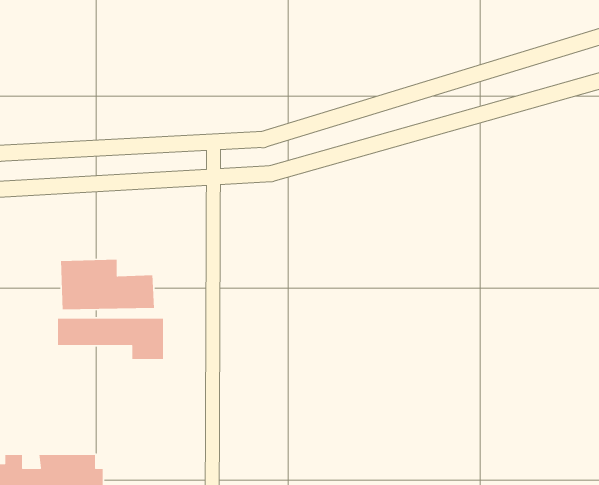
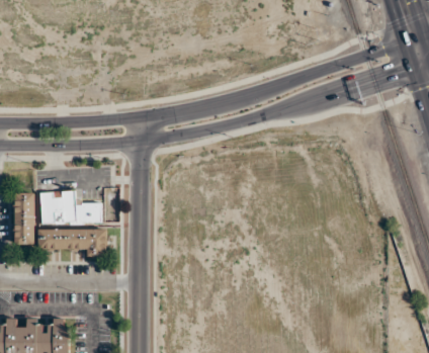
building: none -> [14,193,35,245]

